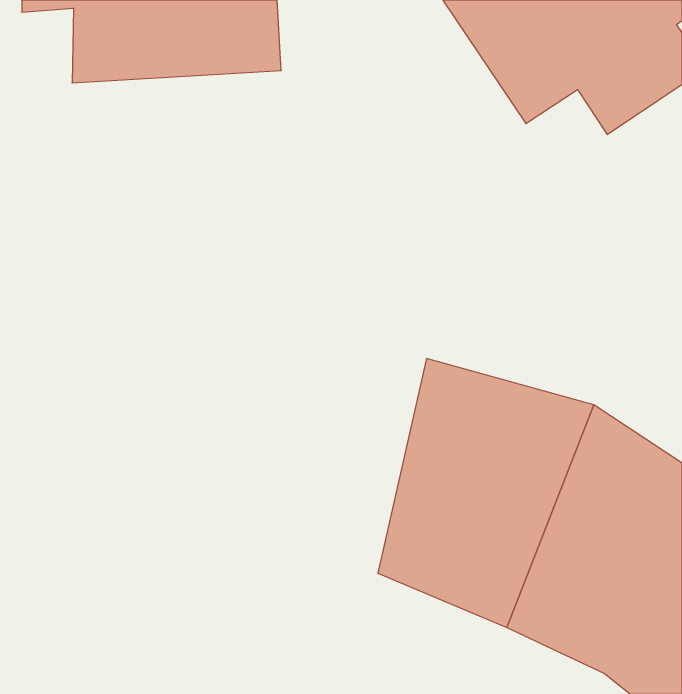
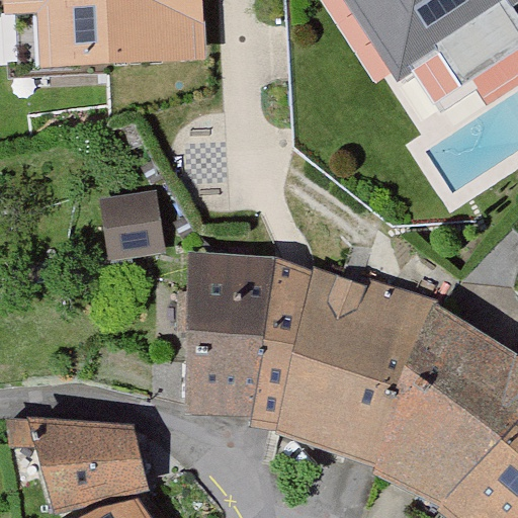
building: none -> [101,200,166,257]
building: none -> [193,249,318,427]
building: none -> [31,427,138,503]

